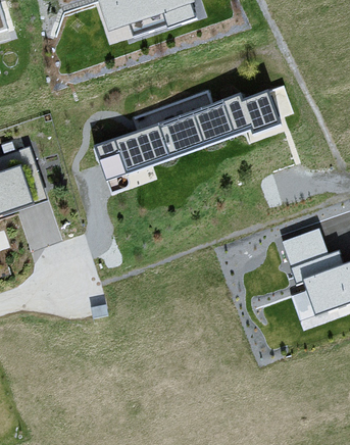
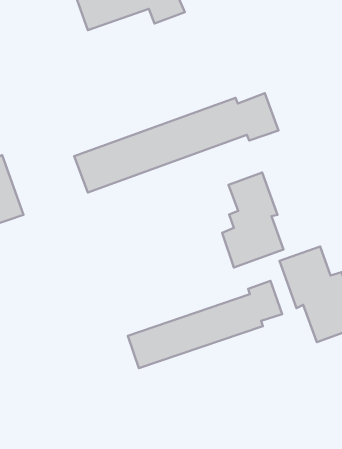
building: none -> [222,173,283,268]
building: none -> [128,281,282,368]

